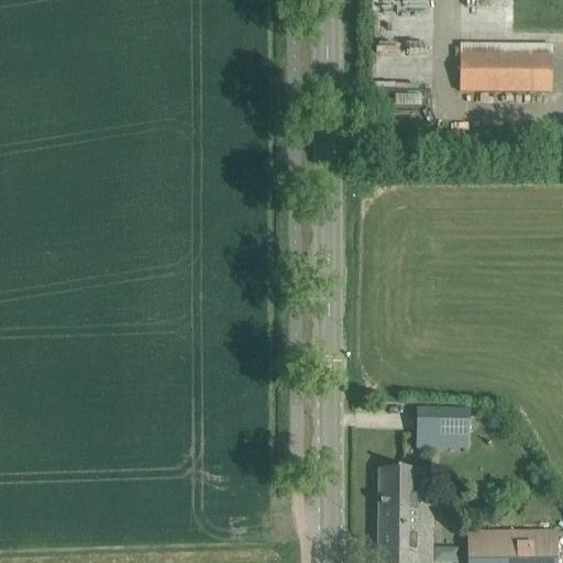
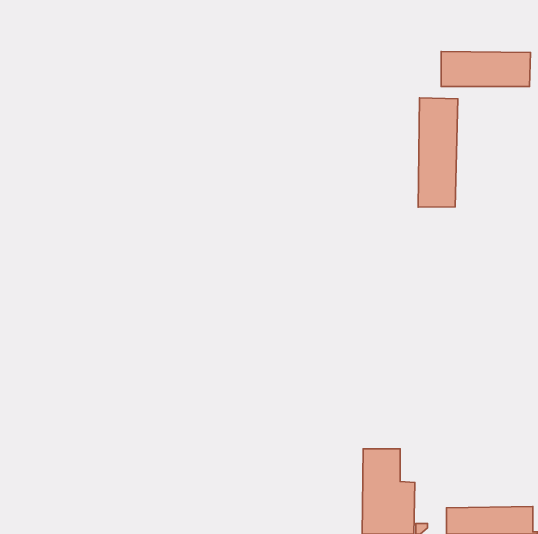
building: none -> [418,98,458,207]
building: [413,404,468,448] -> none

